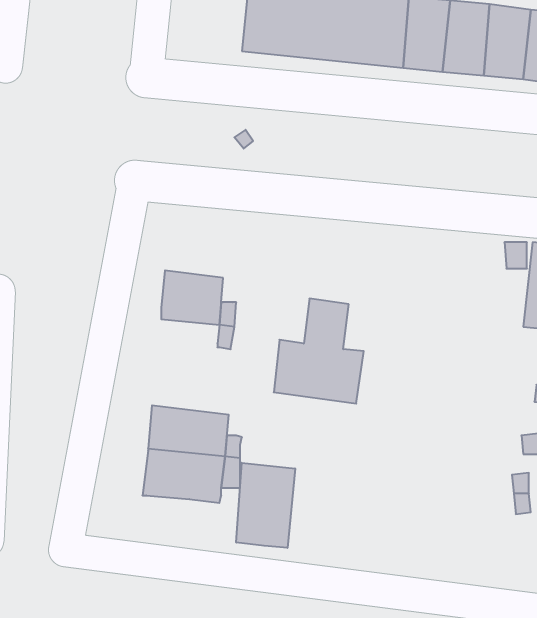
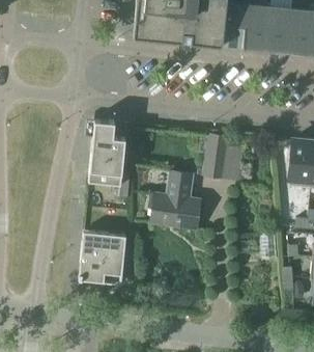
building: none -> [91,119,125,159]
building: none -> [204,134,228,178]
building: [236,463,295,548] -> none

